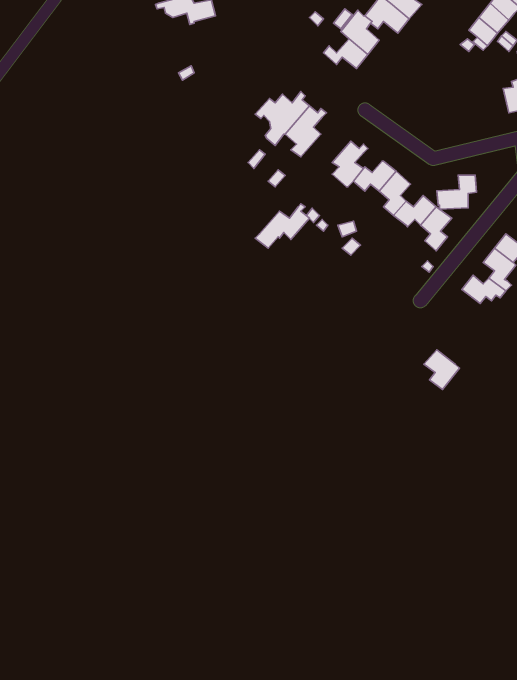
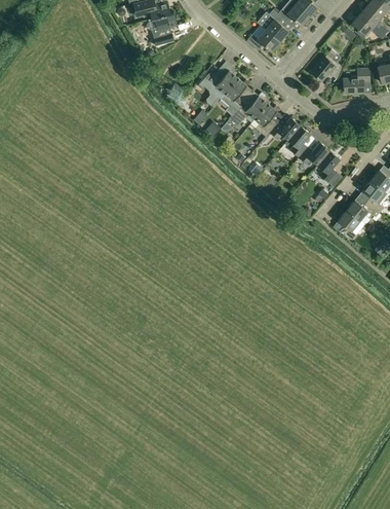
building: none -> [148,11,177,38]
building: none -> [311,48,342,80]
building: [437,175,477,209] -> [342,68,371,93]
building: [255,204,309,248] -> [229,93,268,124]
building: [424,350,460,390] -> [339,210,364,239]

